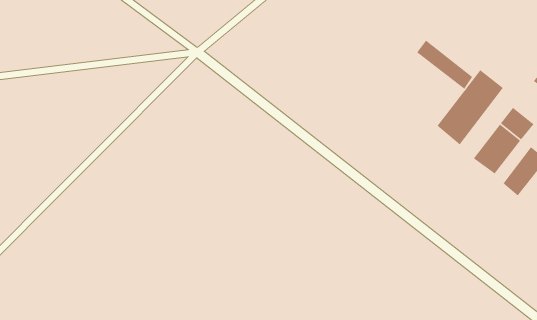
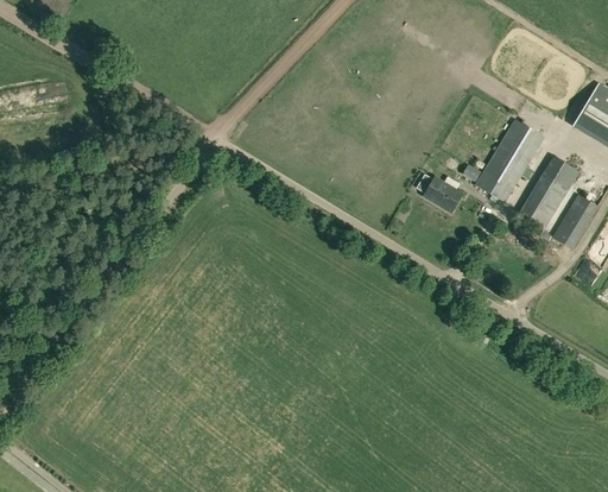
building: [416,39,473,90] -> none
building: none -> [423,176,462,212]

